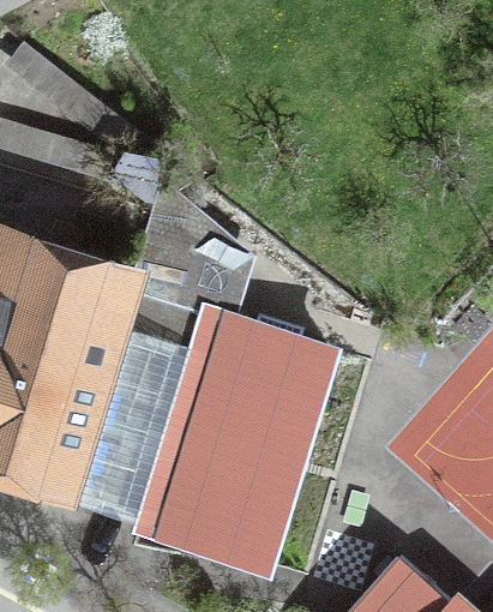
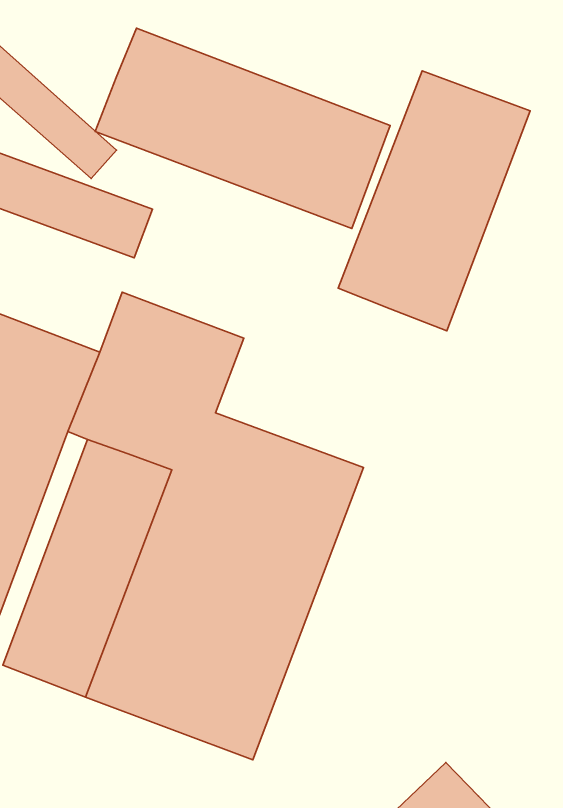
building: none -> [95,28,390,229]
building: none -> [338,71,530,331]

